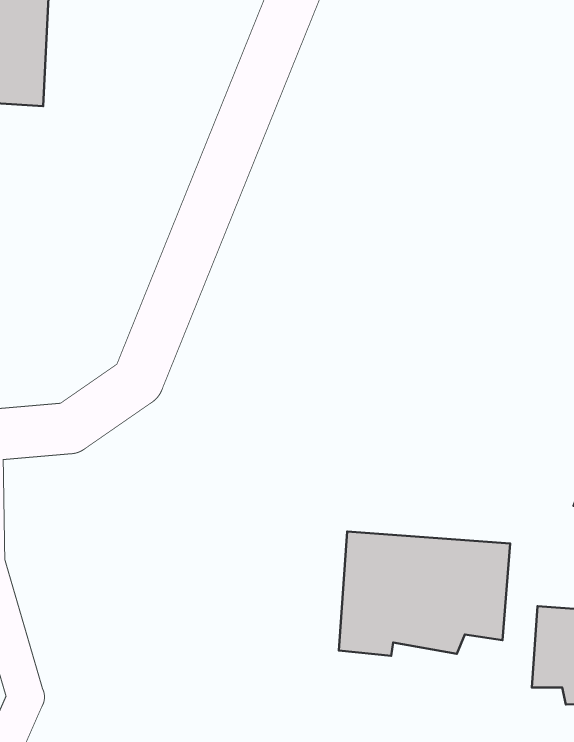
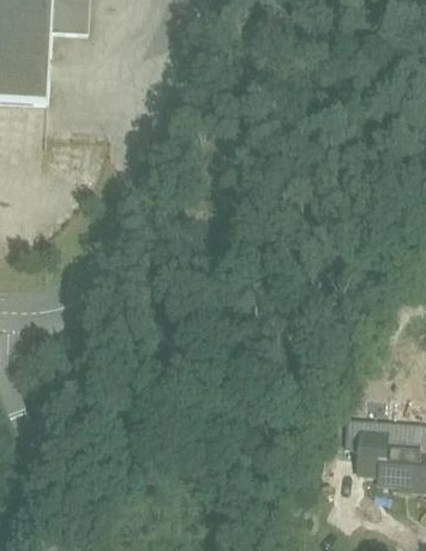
building: [339,532,510,656] -> none

